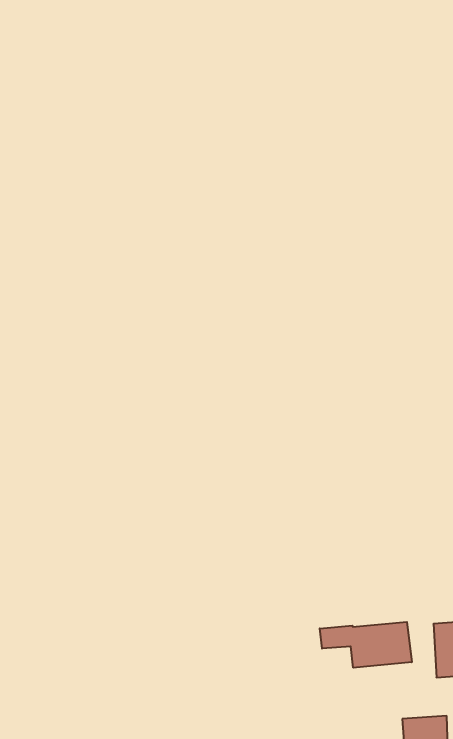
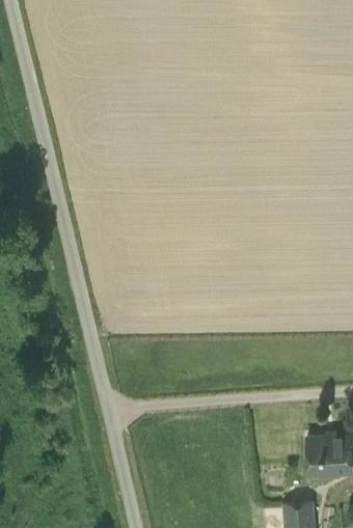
building: [320,622,412,668] -> none

